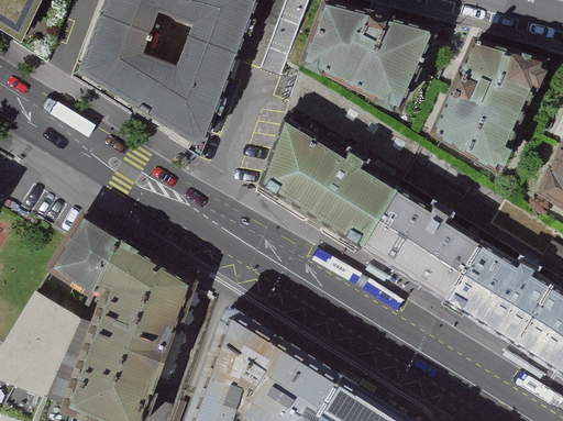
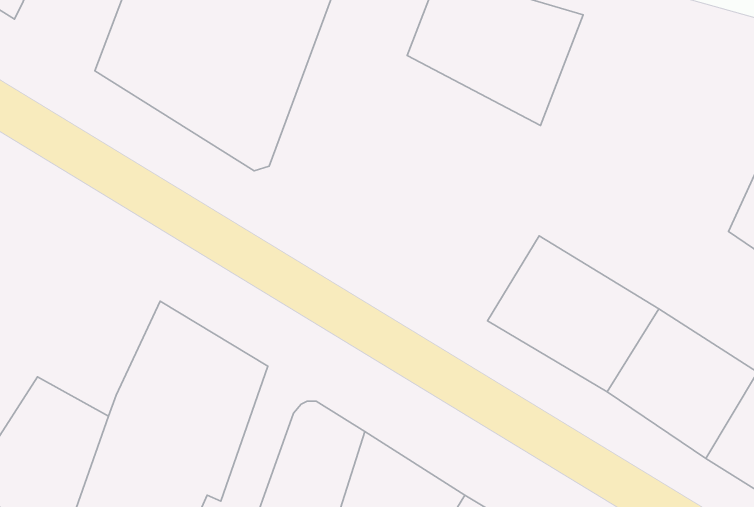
building: [430,41,548,169] -> none
building: [258,121,400,253] -> none
building: [41,212,125,307] -> none

